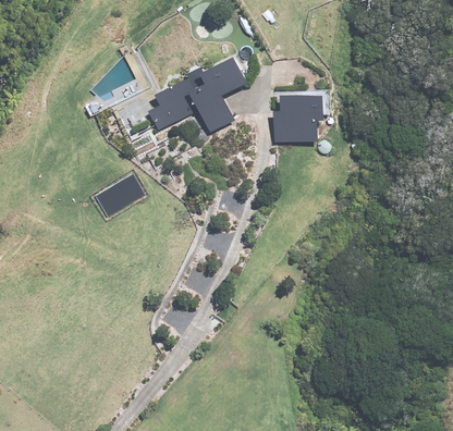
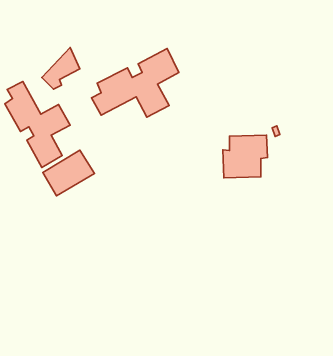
building: [274,93,325,140] -> [223,135,268,178]
building: none -> [5,81,70,168]

